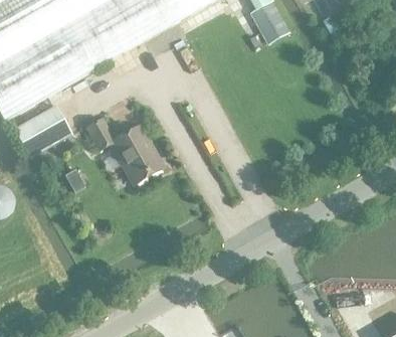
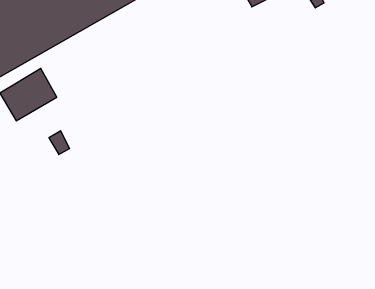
building: [86,119,164,184] -> none

